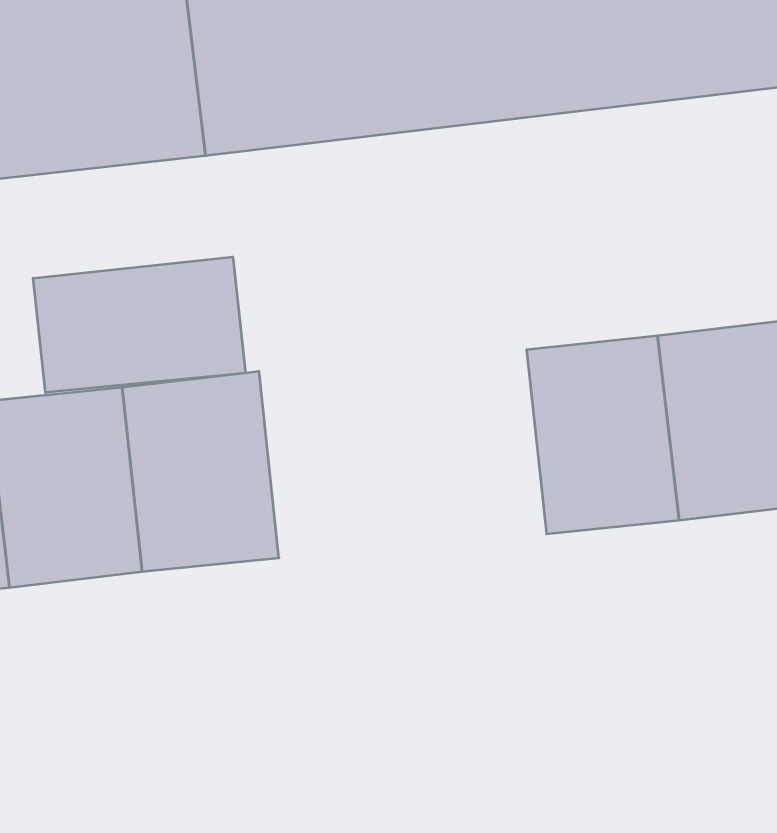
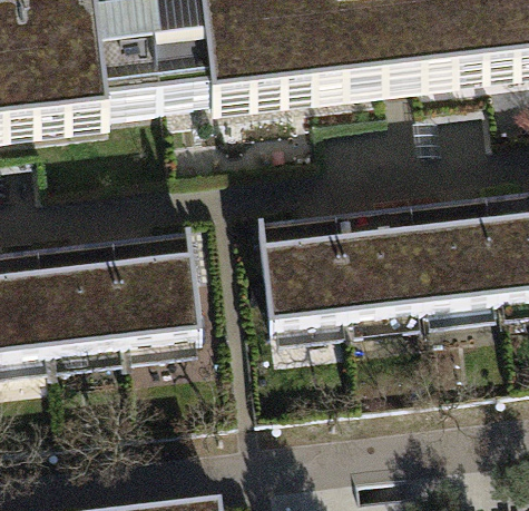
building: [33,257,245,393] -> none
building: none -> [258,223,346,335]

